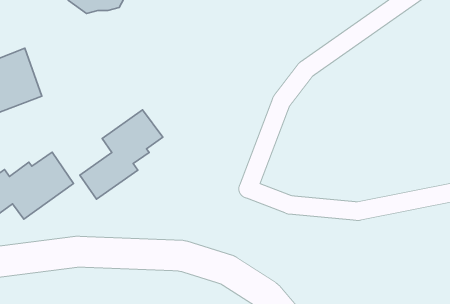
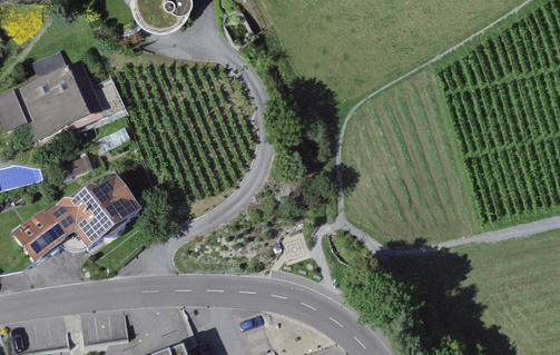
building: [80,110,163,199] -> none

